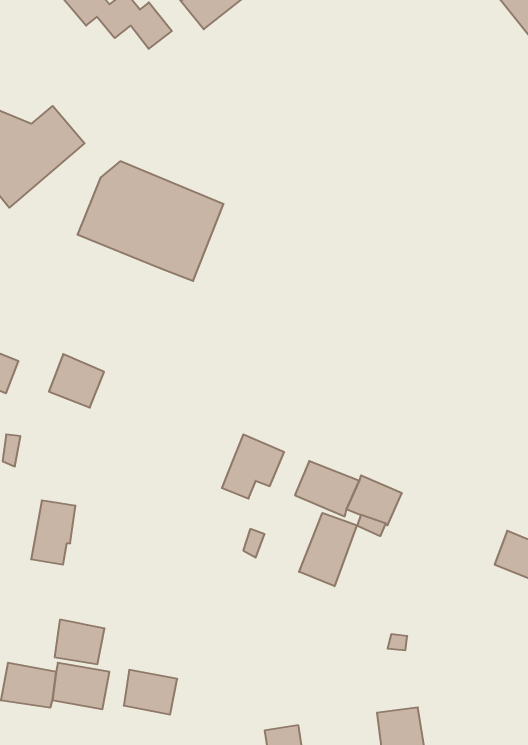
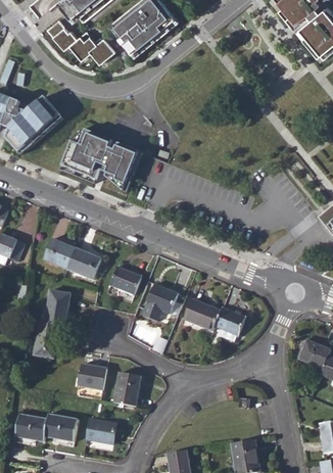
building: none -> [66,248,100,279]
building: none -> [109,267,141,295]
building: none -> [45,289,70,326]
building: [299,513,357,586] -> none
building: none -> [113,372,140,407]
building: [55,620,105,664] -> [78,364,106,389]

